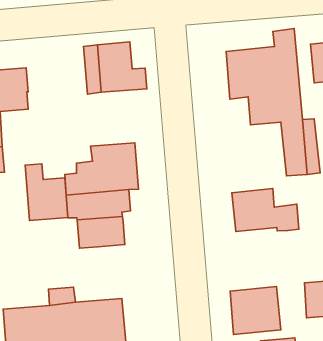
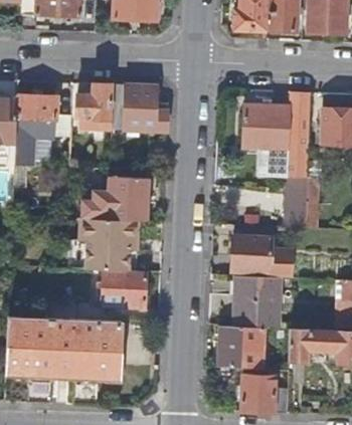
building: none -> [76,82,114,129]
building: [25,164,68,220] -> none
building: none -> [235,275,281,328]
building: none -> [103,270,146,307]

